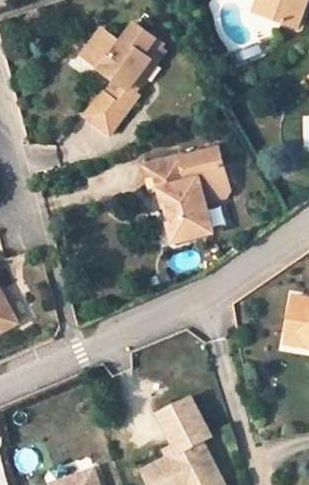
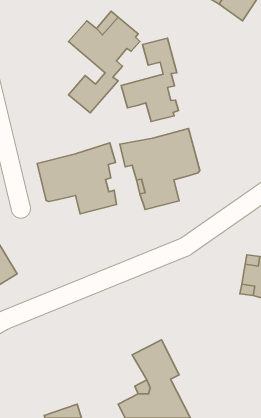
building: none -> [121,38,179,122]
building: none -> [37,143,117,214]

